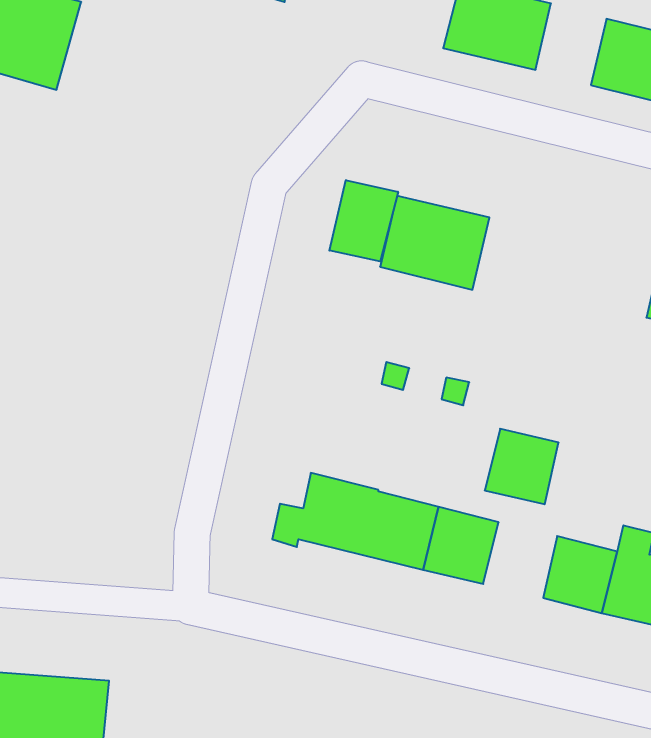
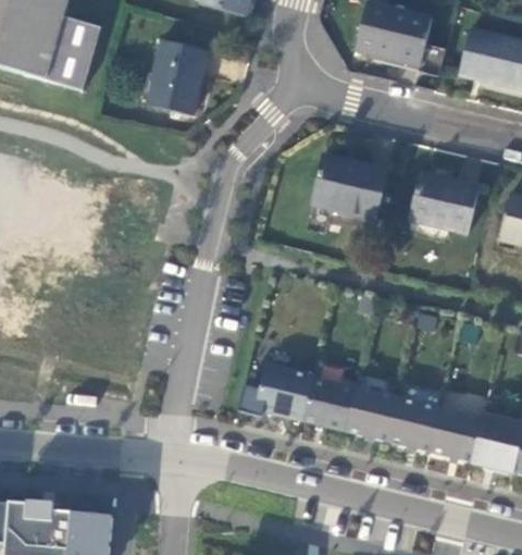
building: none -> [145,47,204,122]
building: [329,180,398,262] -> none
building: none -> [407,177,478,238]
building: [485,429,559,504] -> [382,391,434,444]

